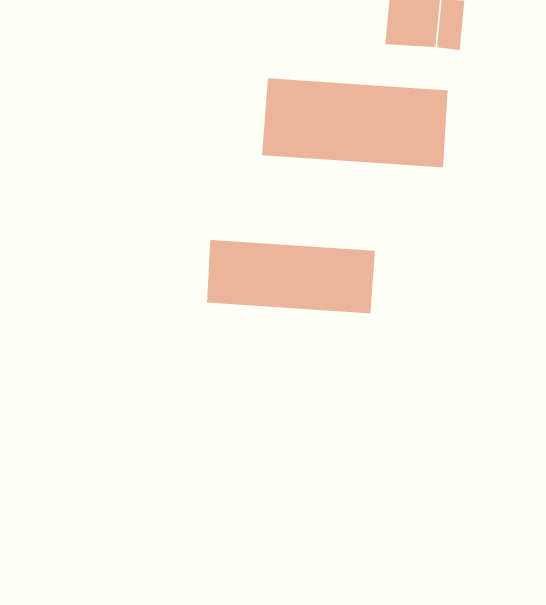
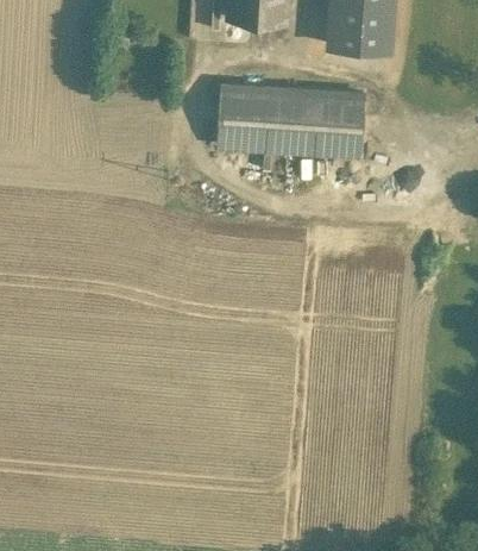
building: [207,239,376,314] -> none

